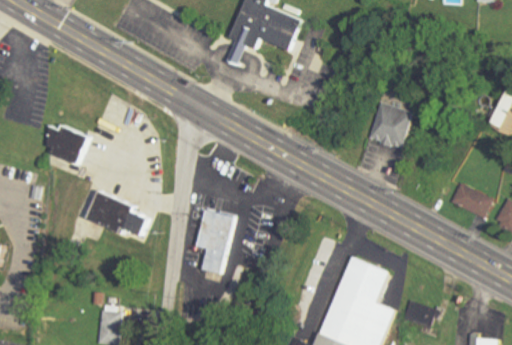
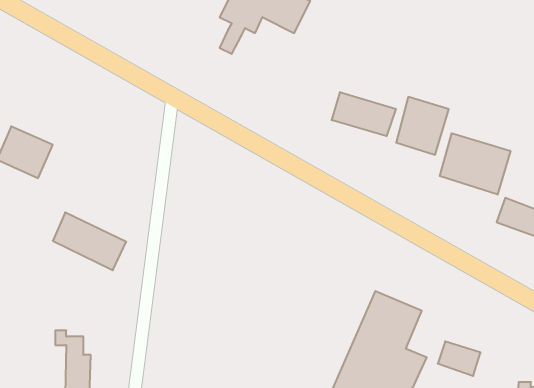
building: none -> [332,92,396,136]
building: none -> [440,133,510,195]
building: [194,211,233,284] -> none

